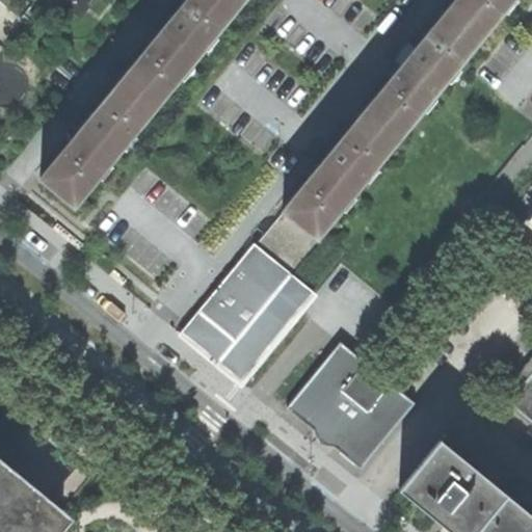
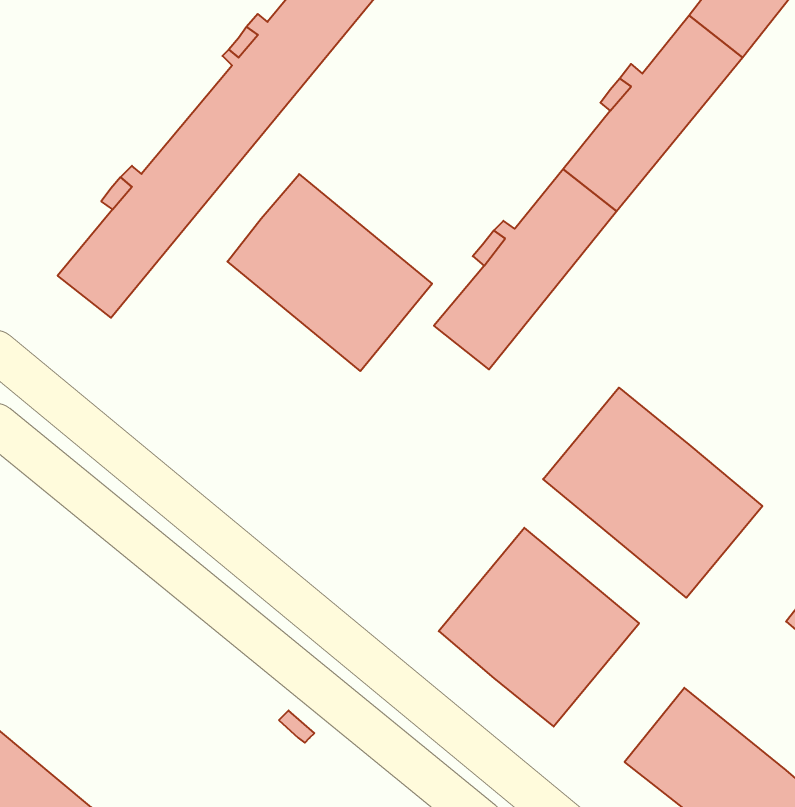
building: none -> [227,174,432,371]
building: [181,211,318,382] -> none
building: none -> [543,388,762,598]

